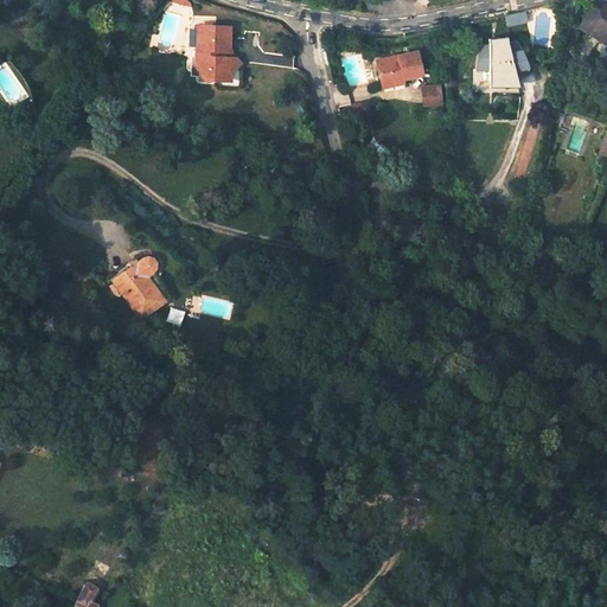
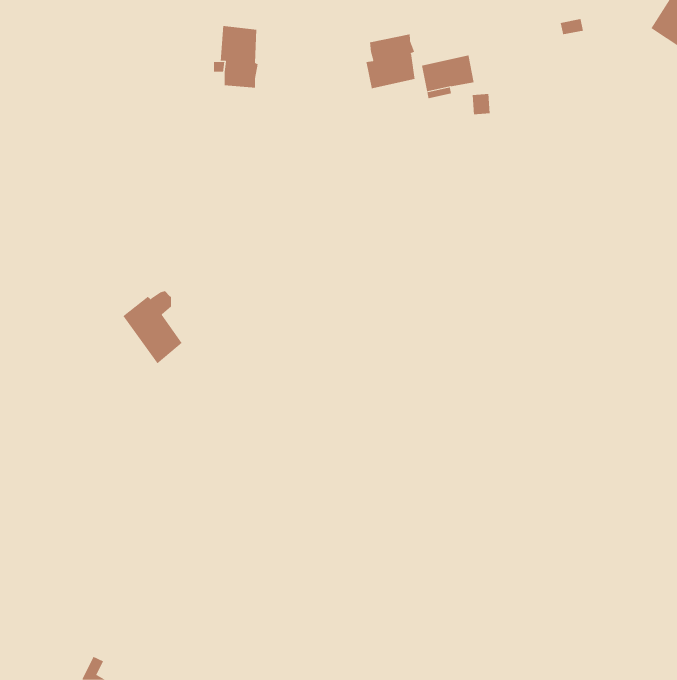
building: none -> [366,34,415,89]
building: [472,44,525,84] -> none

